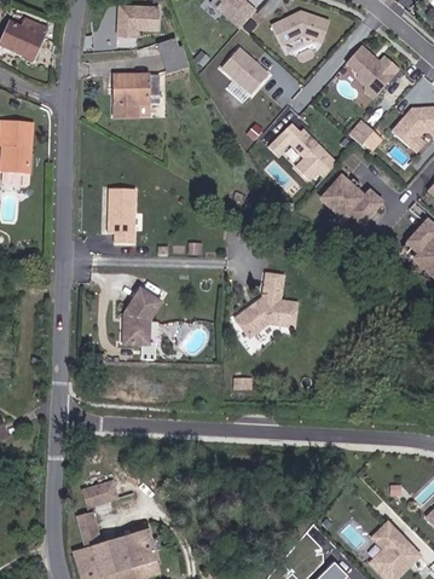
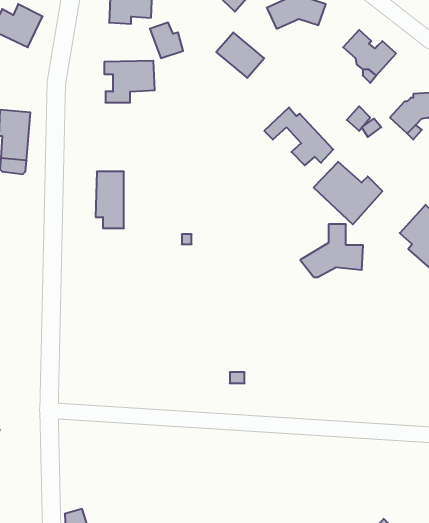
building: [237,277,299,329] -> [300,224,363,277]
building: [120,286,162,341] -> none
building: [81,480,120,509] -> none

